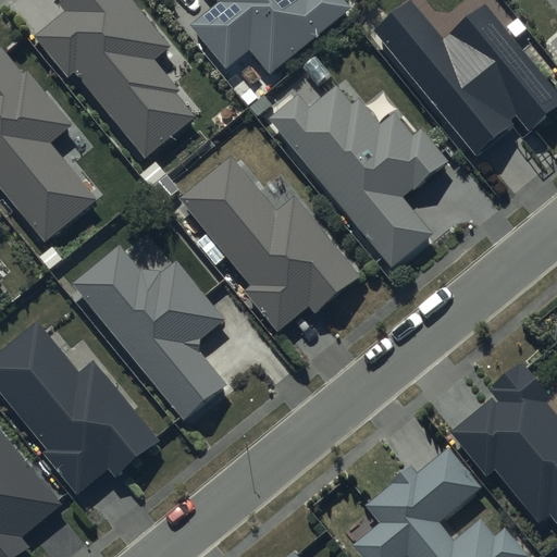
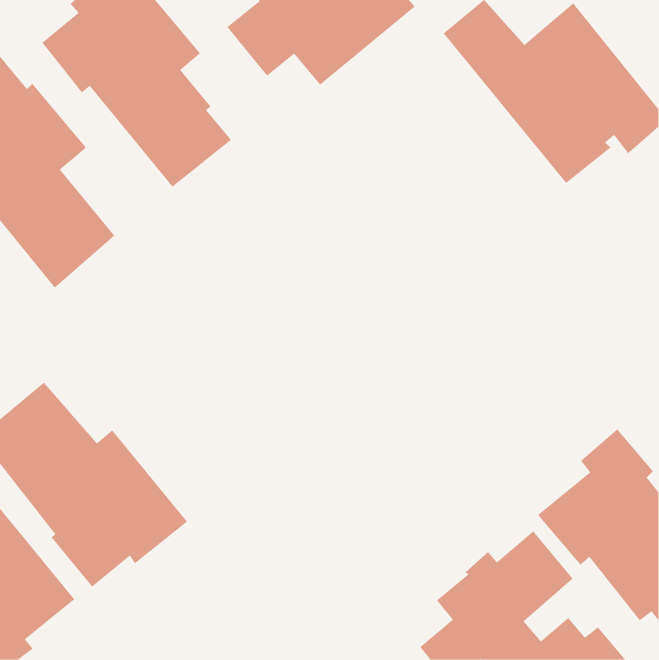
building: [268,86,446,268] -> none
building: [177,154,359,332] -> none
building: [69,243,224,419] -> none

